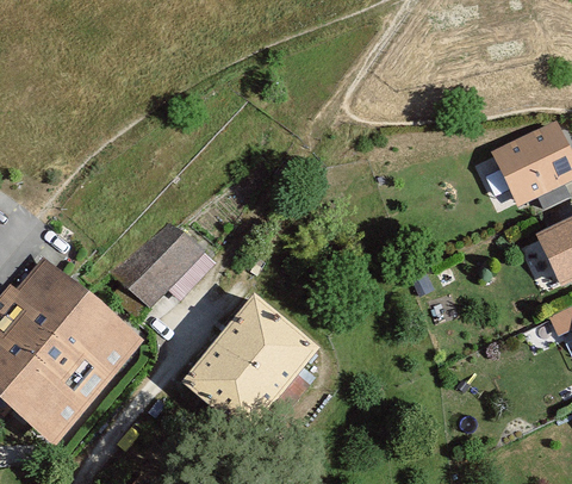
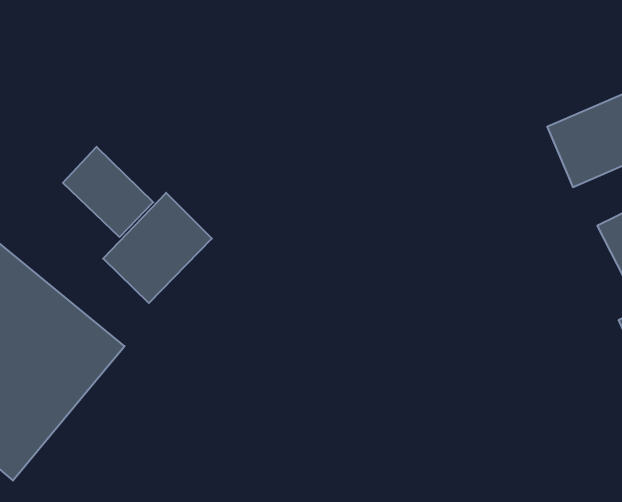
building: none -> [63,147,153,237]
building: [176,291,318,436] -> none

